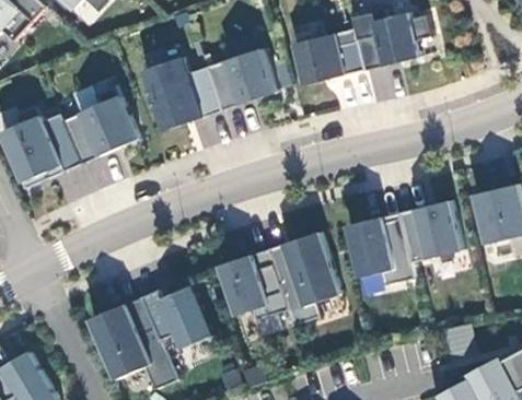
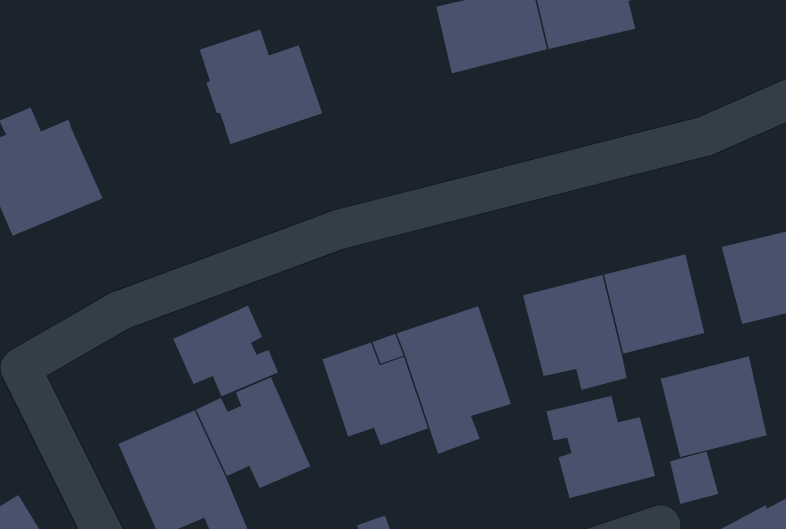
building: [205,48,275,110] -> none
building: [61,85,136,164] -> none
building: none -> [172,305,279,397]
building: none -> [660,355,767,458]
building: none -> [546,395,656,499]

